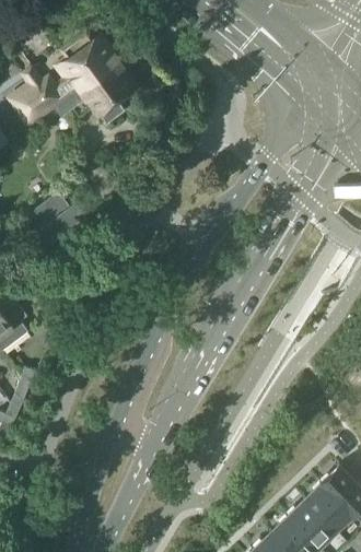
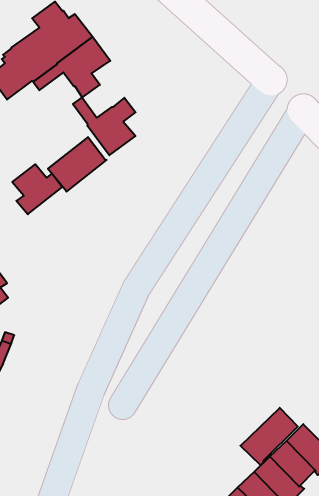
building: none -> [73,97,136,155]
building: none -> [48,137,107,192]
building: none -> [240,408,298,465]

